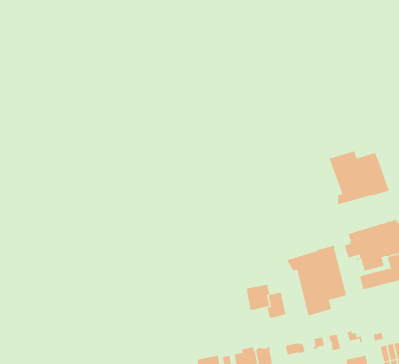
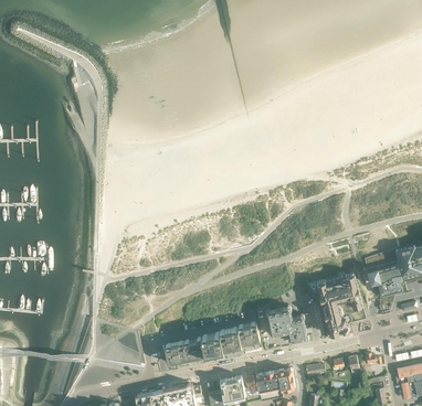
building: [329,151,390,205] -> none
building: none -> [167,322,257,361]

